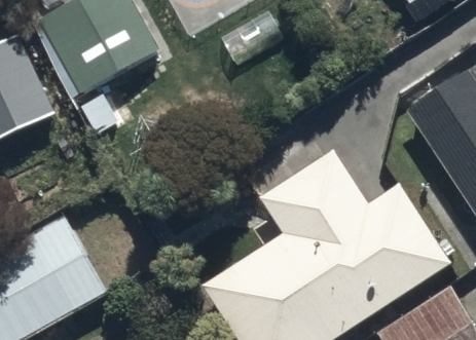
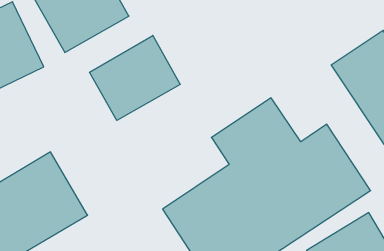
building: none -> [90,35,180,120]

